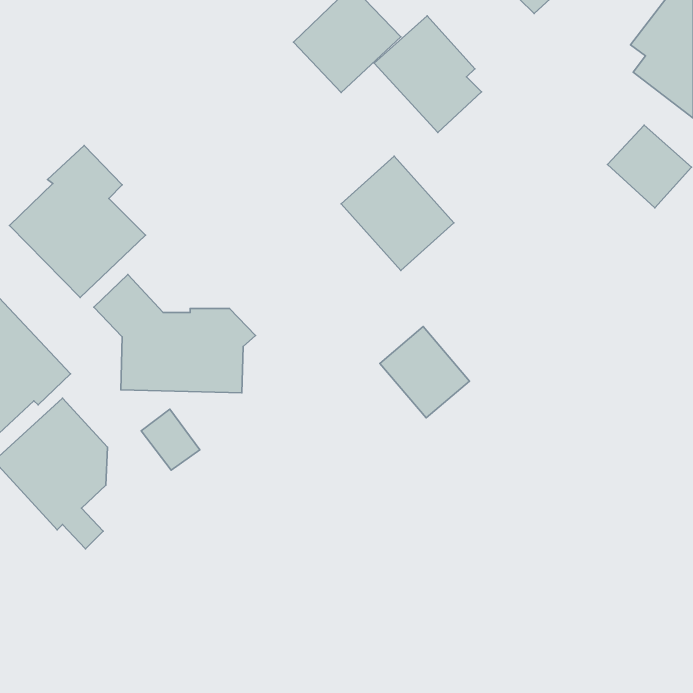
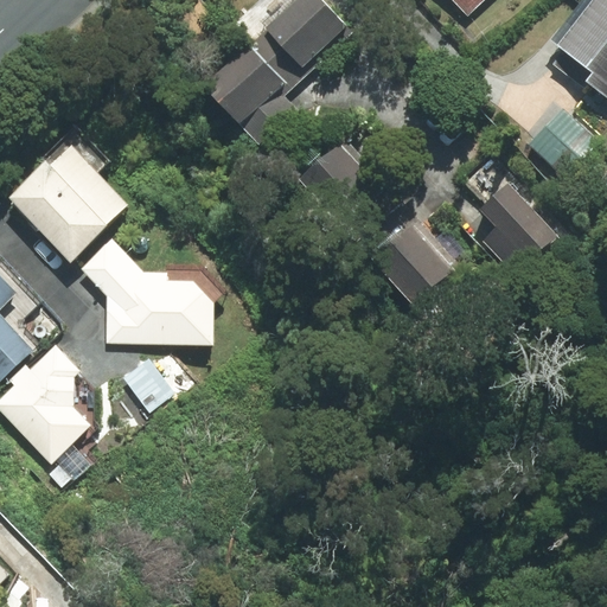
building: [374,16,481,133] -> [203,41,296,143]
building: none -> [479,183,555,273]
building: [380,327,470,418] -> [371,224,449,304]

